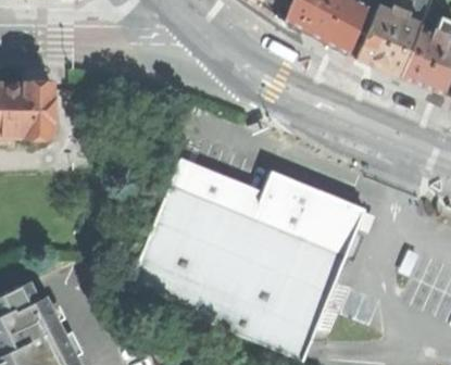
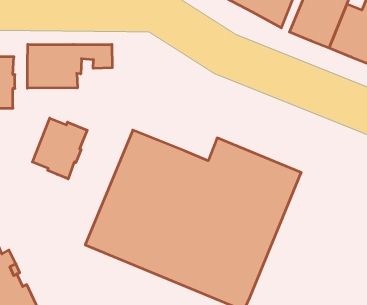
building: none -> [27,44,112,88]
building: none -> [32,118,87,179]

